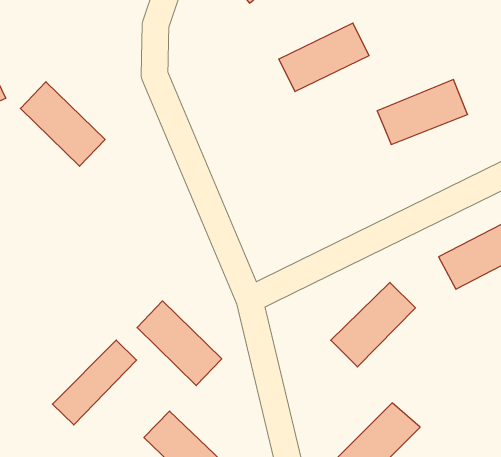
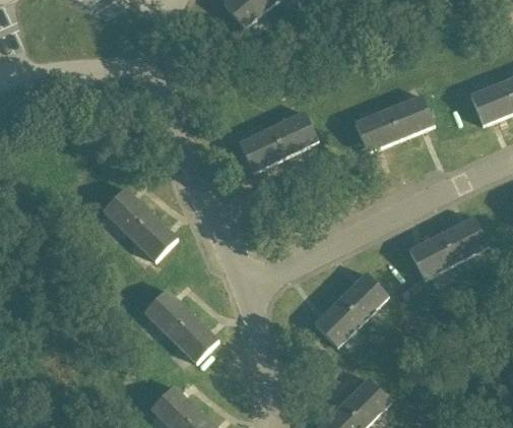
building: [279,23,369,92] -> [239,112,318,172]
building: [20,82,105,166] -> [103,187,177,261]
building: [52,340,137,425] -> none

